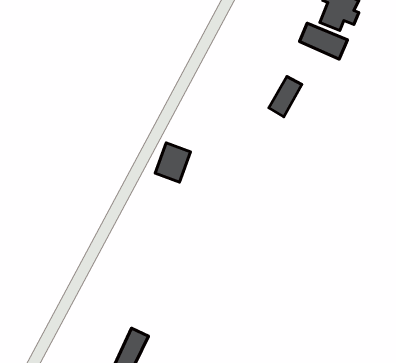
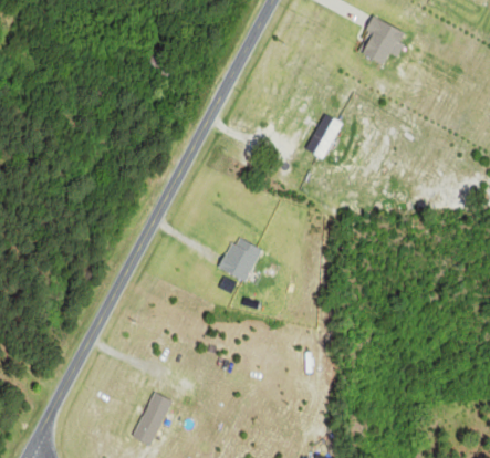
building: [300,23,348,59] -> none
building: [155,143,190,182] -> [221,237,260,280]

